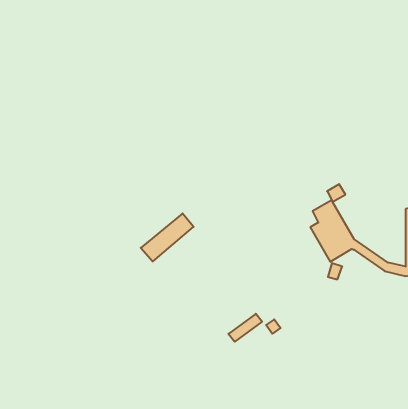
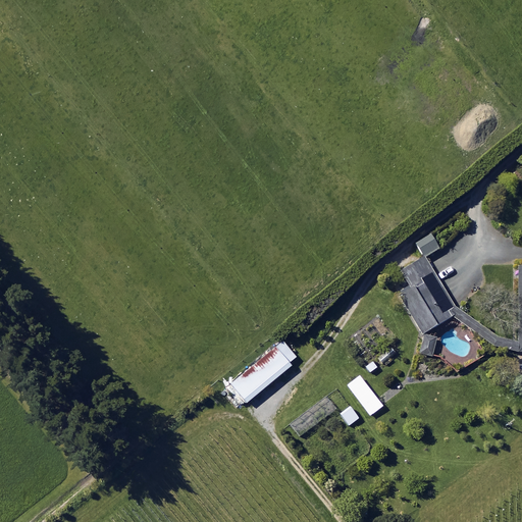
building: [141,213,194,261] -> [230,343,298,404]
building: none -> [348,376,382,416]

